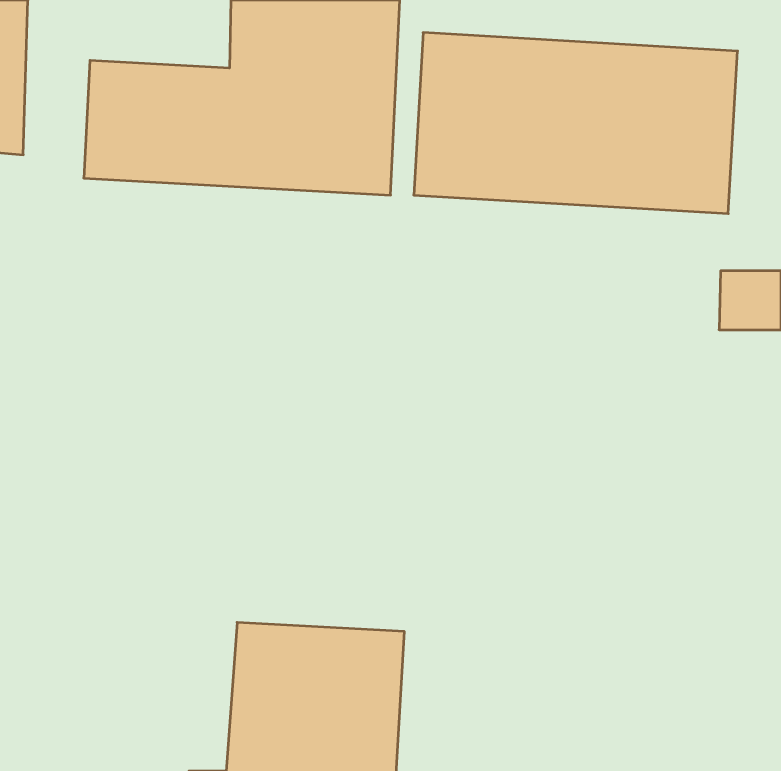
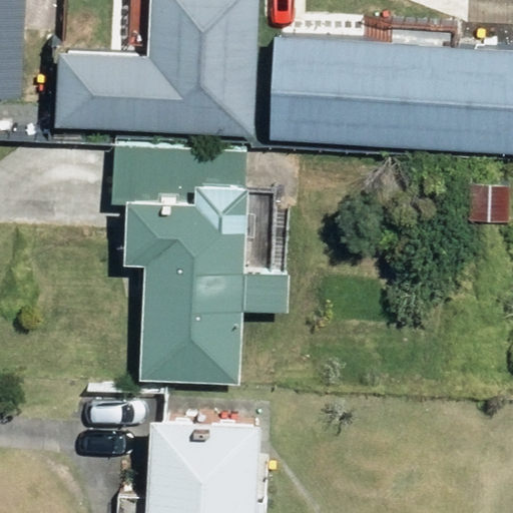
building: none -> [126,196,245,385]

